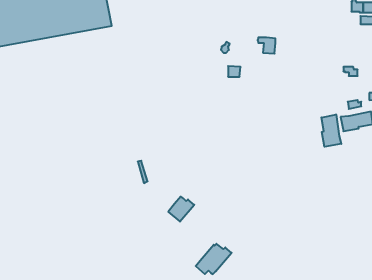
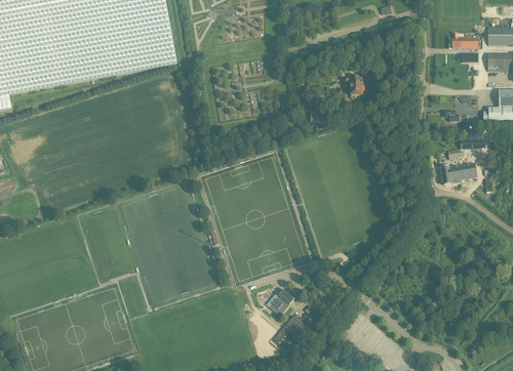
building: [321,114,341,147] -> none
building: [168,197,194,222] -> [266,286,295,315]

